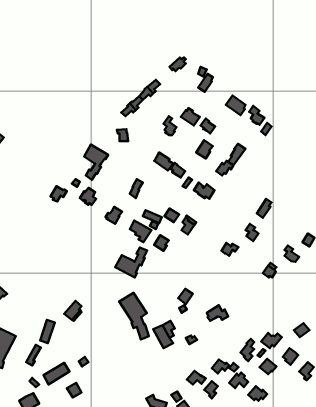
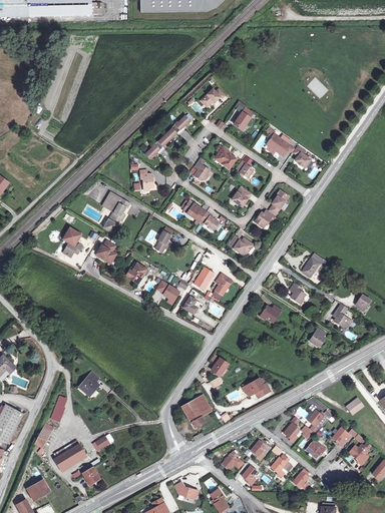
building: [115,247,147,278] -> none
building: [119,293,149,339] -> none

